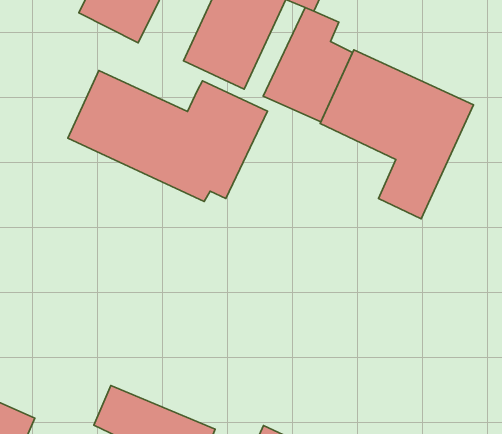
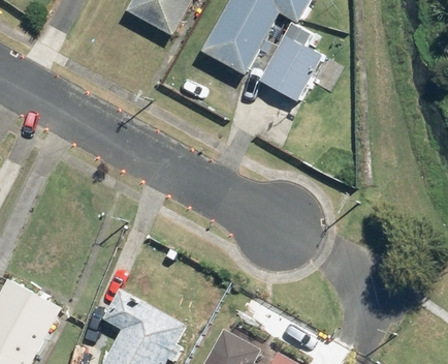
building: [320,50,473,219] -> none
building: [68,71,268,201] -> none

